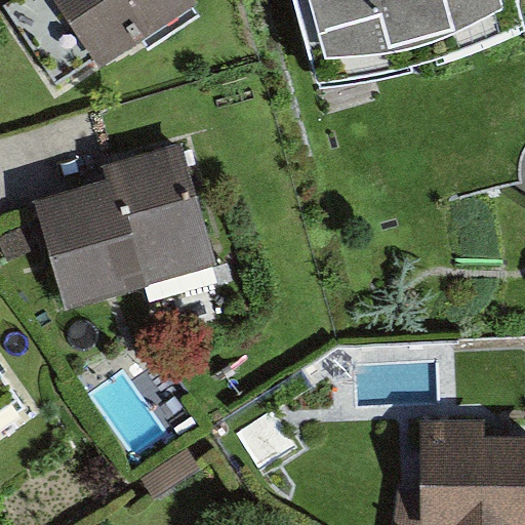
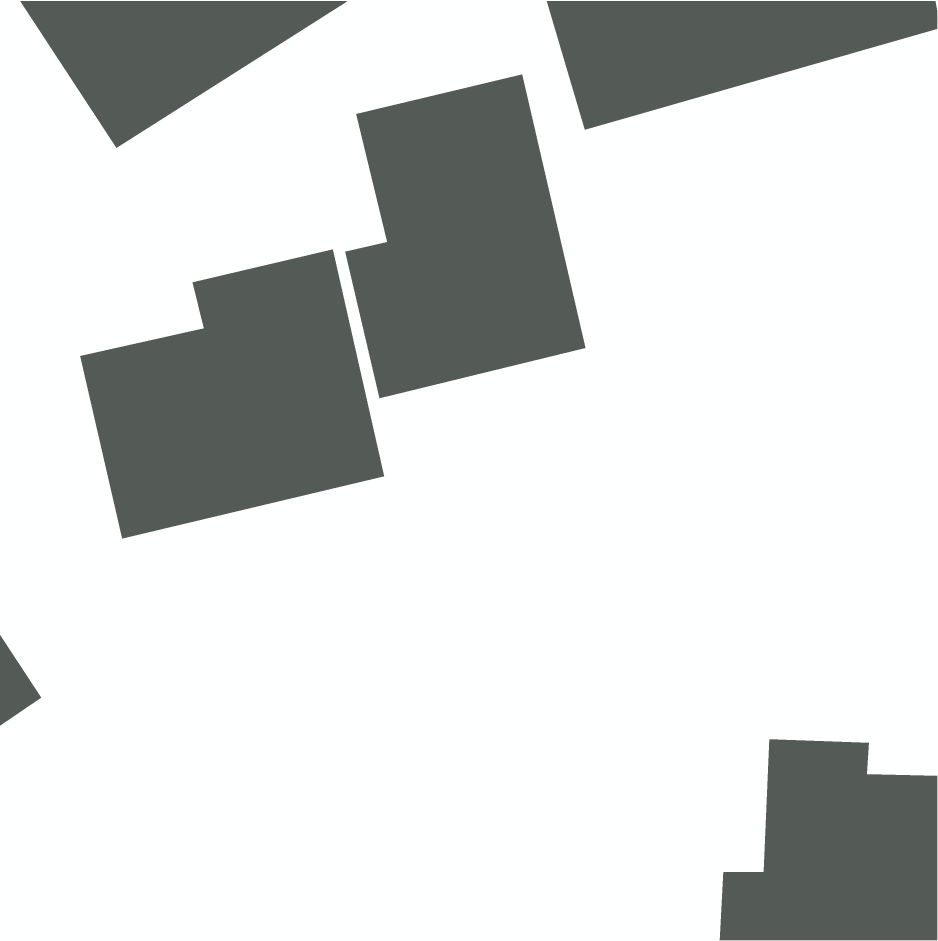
building: none -> [344,73,586,399]

